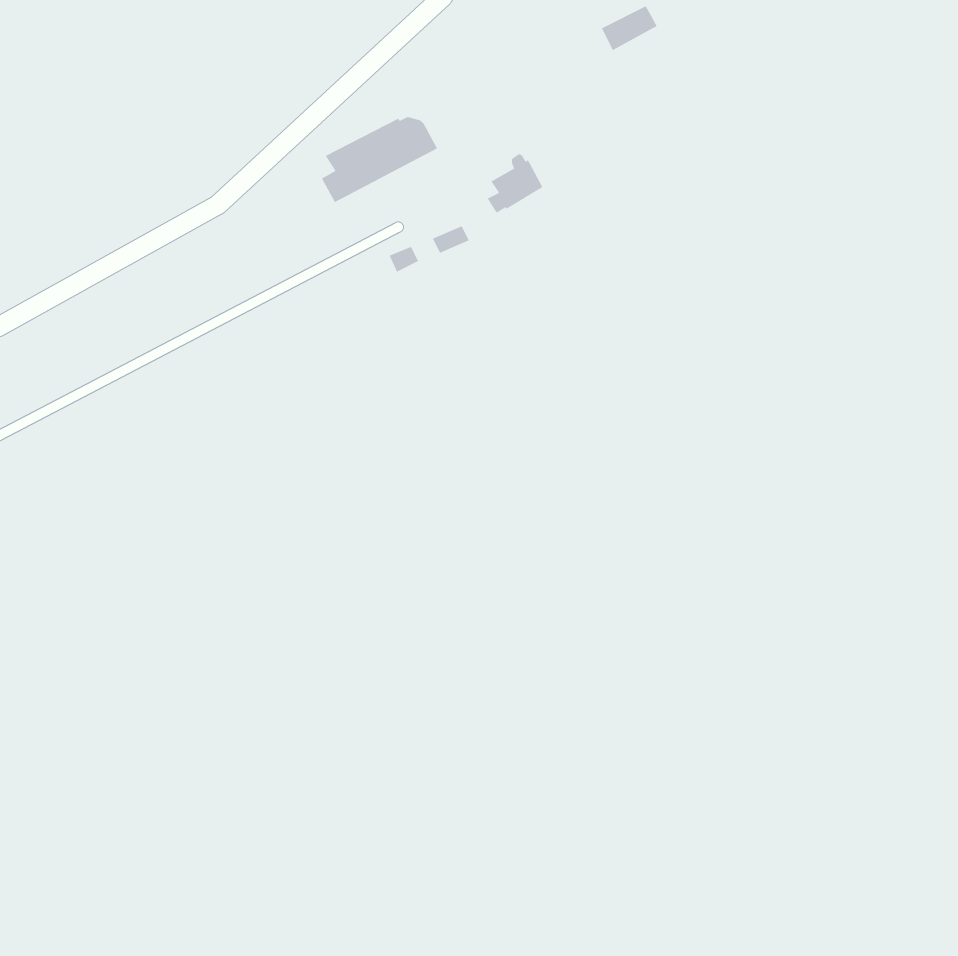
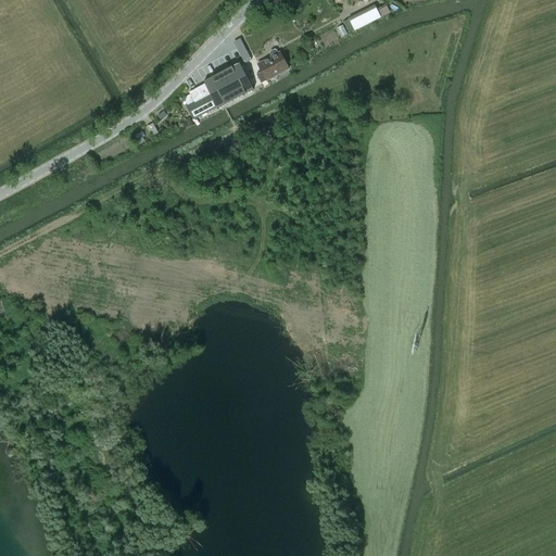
building: [487,153,543,213] -> [255,47,288,81]

